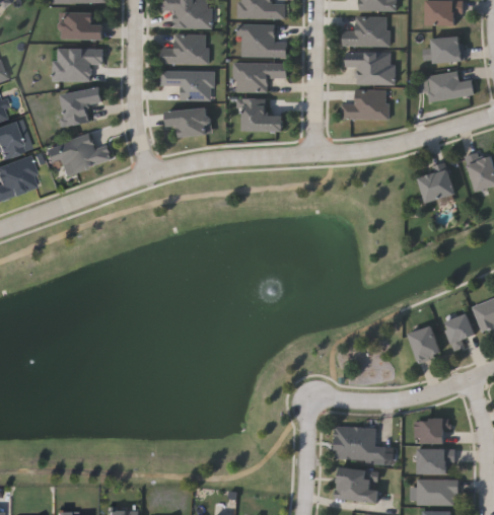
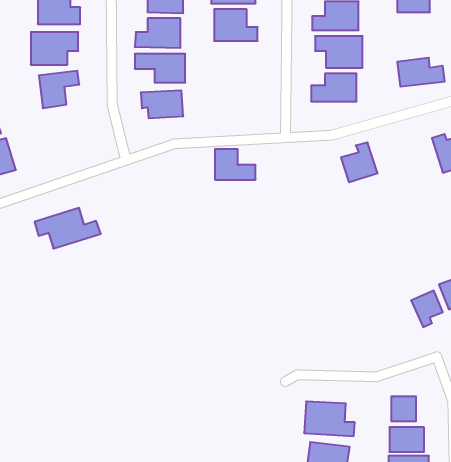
building: [434,39,465,66] -> none
building: [232,63,285,91] -> none
building: [241,98,283,130] -> [215,149,256,180]
building: [44,133,112,174] -> [35,208,101,249]
building: [420,165,457,206] -> [341,142,378,182]
building: [411,327,443,365] -> none

